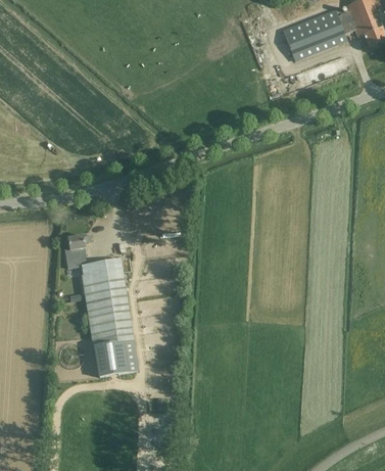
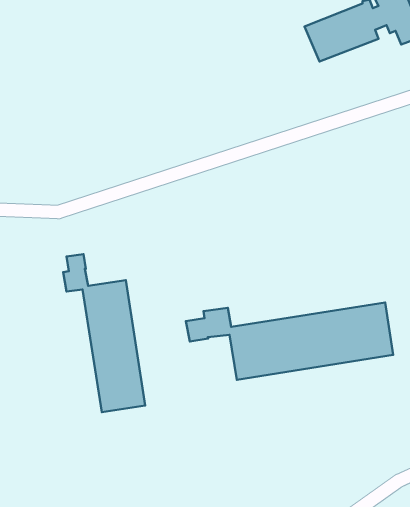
building: none -> [186,303,393,380]

